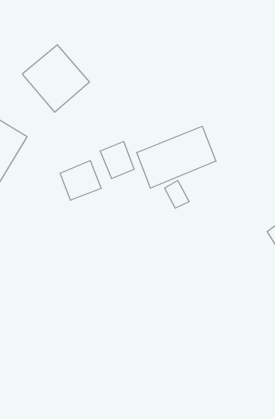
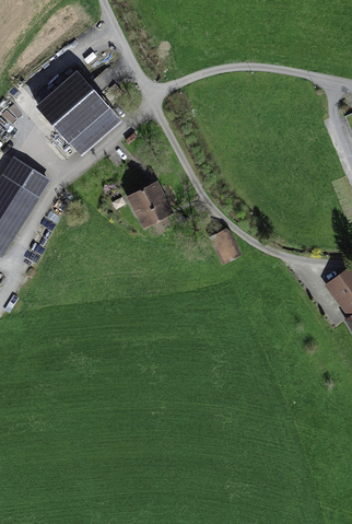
building: [137,126,216,188] -> none
building: [60,161,101,200] -> none

